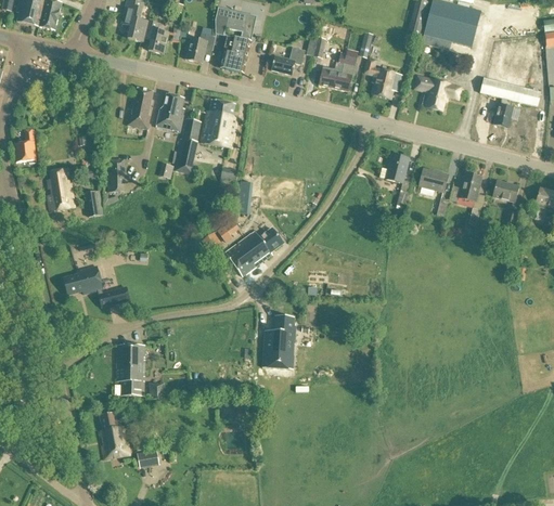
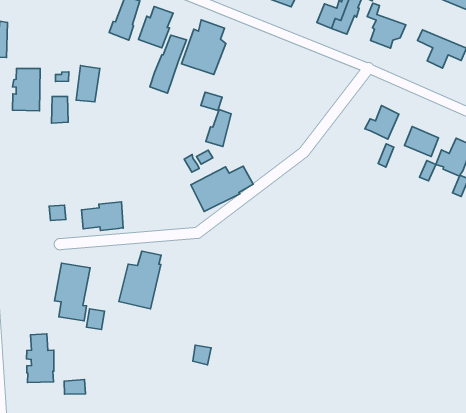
building: [63,264,104,295] -> [81,202,123,230]
building: [262,315,296,367] -> [119,251,161,309]

